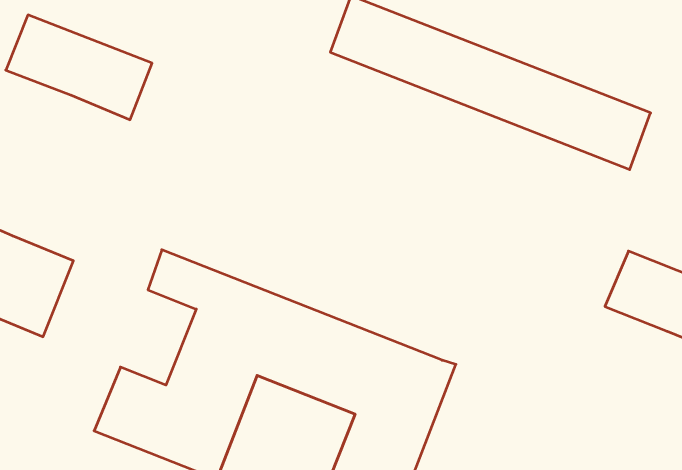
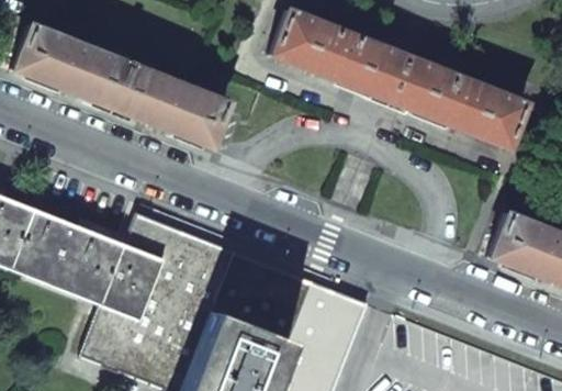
building: none -> [111,64,228,147]
building: none -> [42,221,164,320]

